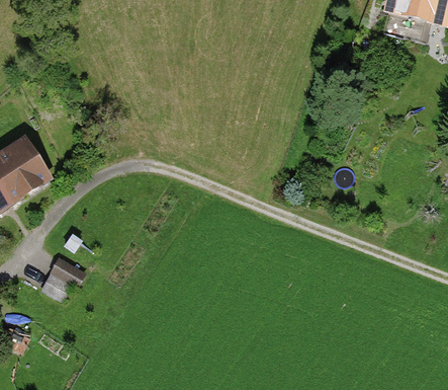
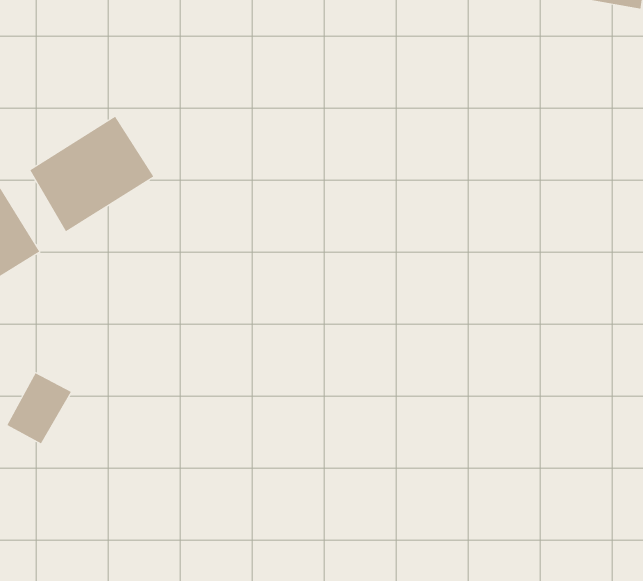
building: none -> [30,116,154,232]

